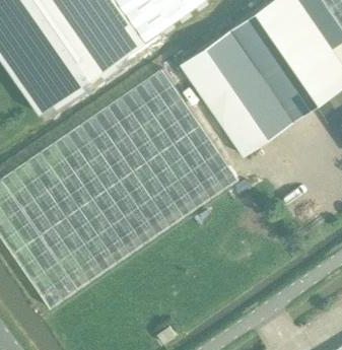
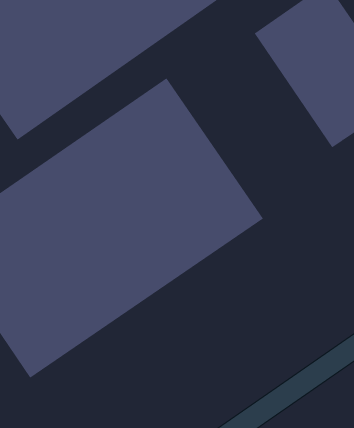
building: [181,28,294,155] -> none

